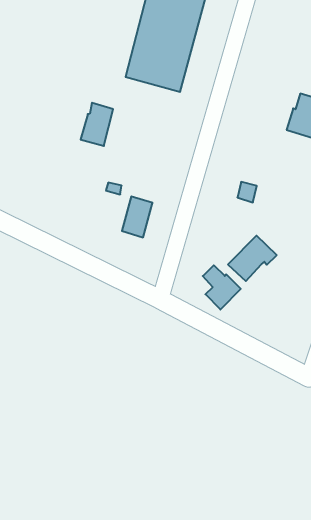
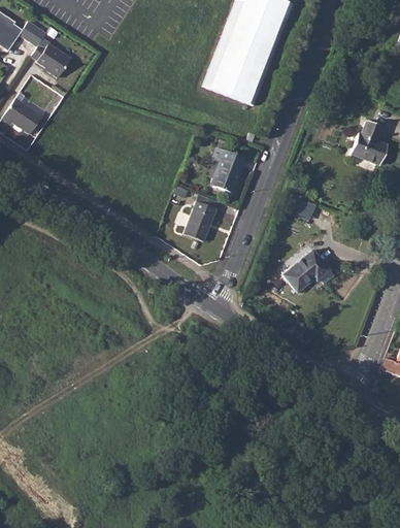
building: [81,103,113,146] -> [211,150,245,192]
building: [203,265,241,310] -> none

